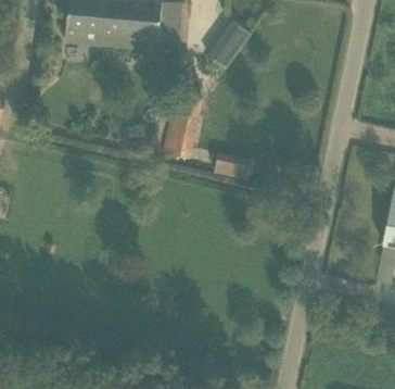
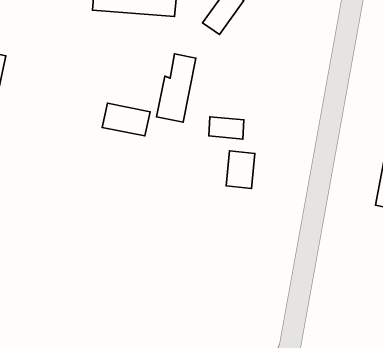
building: none -> [102,103,150,136]
building: none -> [226,151,255,189]

